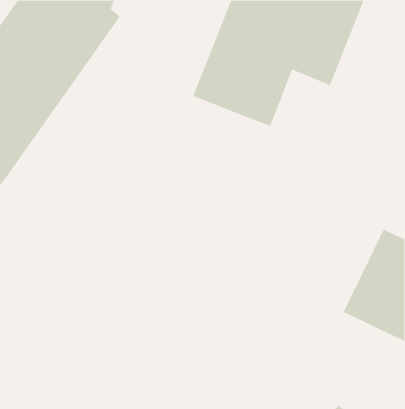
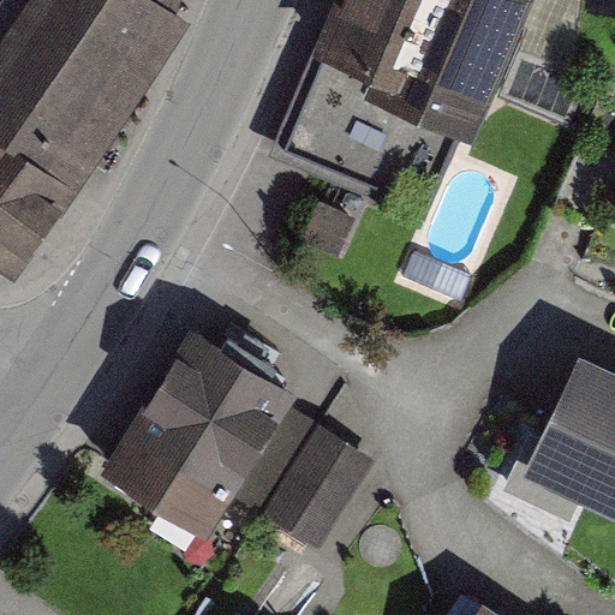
building: none -> [123,336,298,526]
building: none -> [271,431,370,543]

